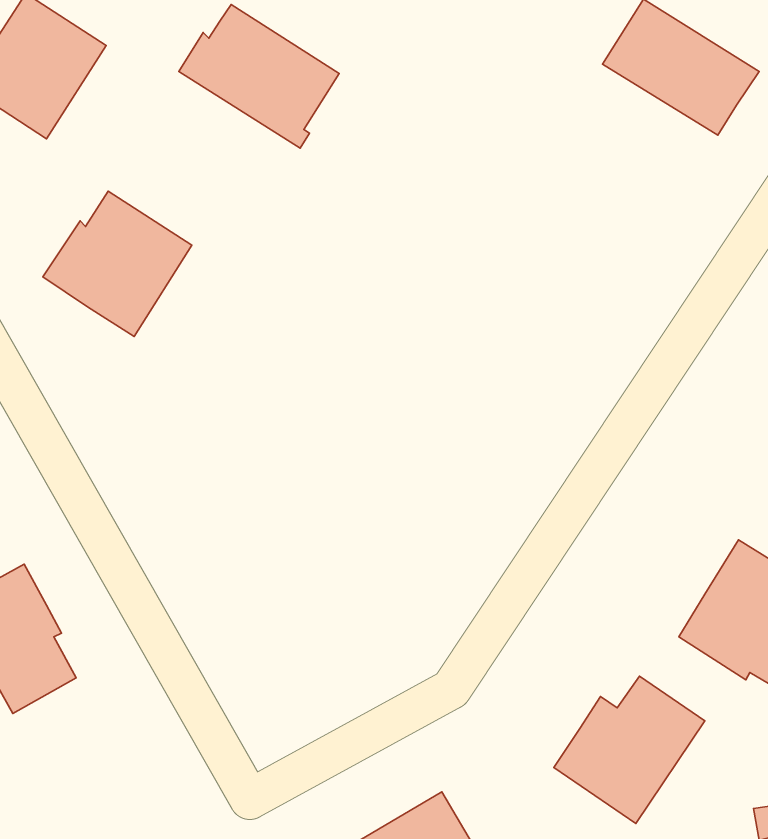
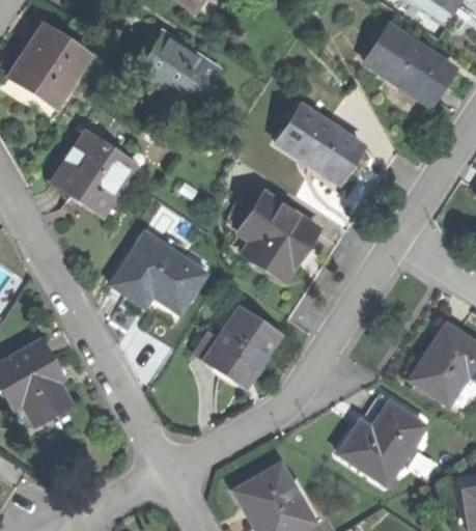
building: none -> [277,104,364,177]
building: none -> [243,193,320,279]
building: none -> [113,231,207,310]
building: none -> [198,309,280,386]

